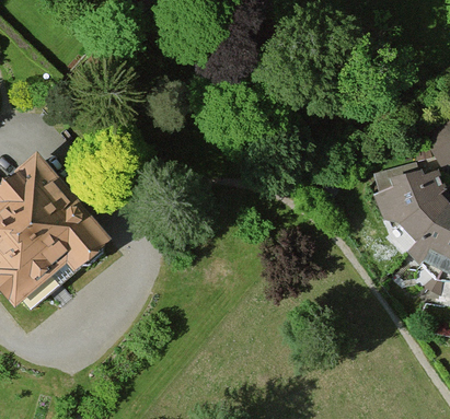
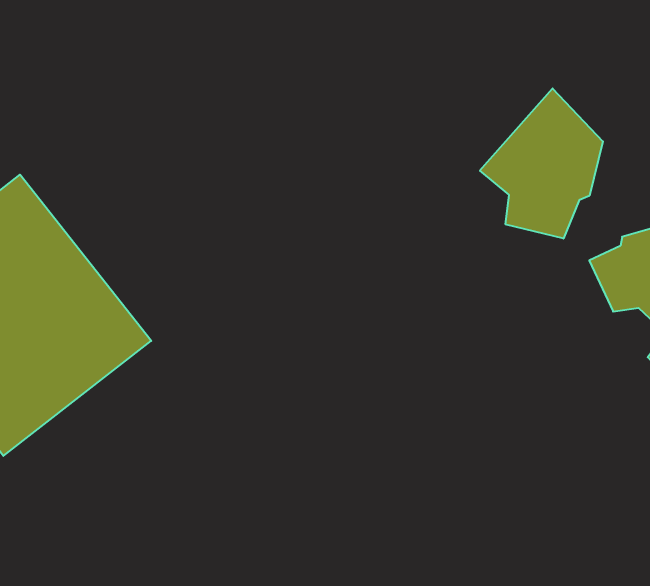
building: none -> [480,88,603,239]

